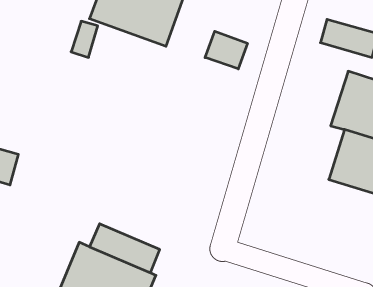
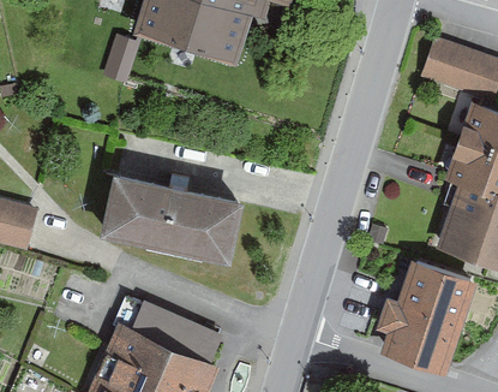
building: [205,31,247,69] -> none
building: none -> [101,178,235,262]
building: none -> [383,266,466,367]

